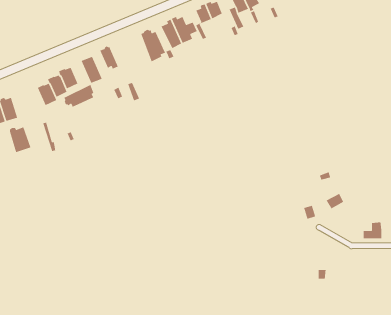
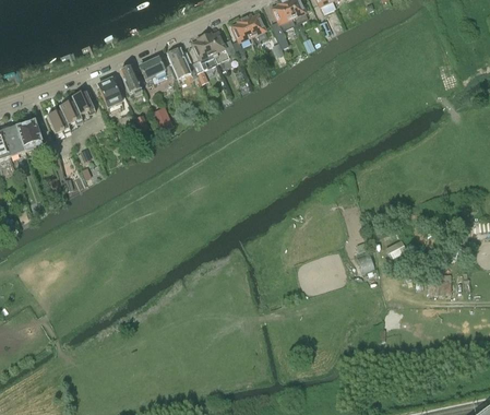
building: none -> [140,56,172,81]
building: [63,84,95,108] -> none
building: [9,126,31,153] -> [16,119,43,151]

